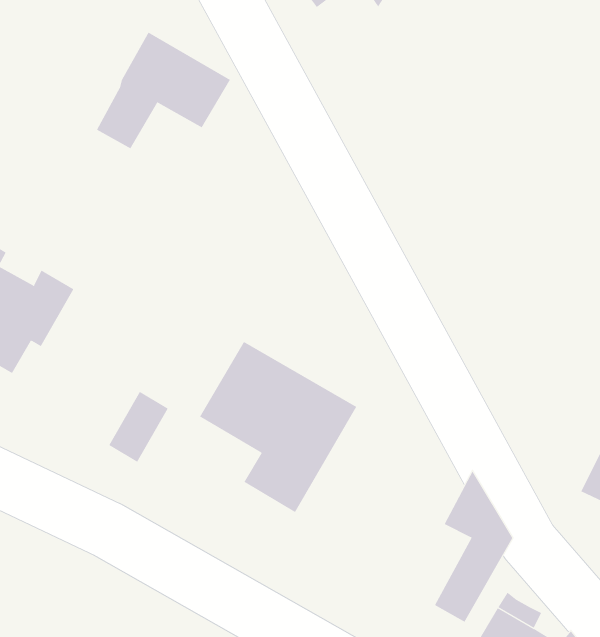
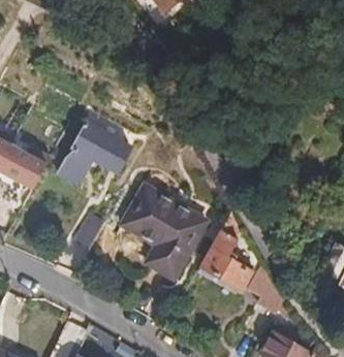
building: [96,32,231,149] -> [59,126,131,189]
building: none -> [199,206,251,289]

